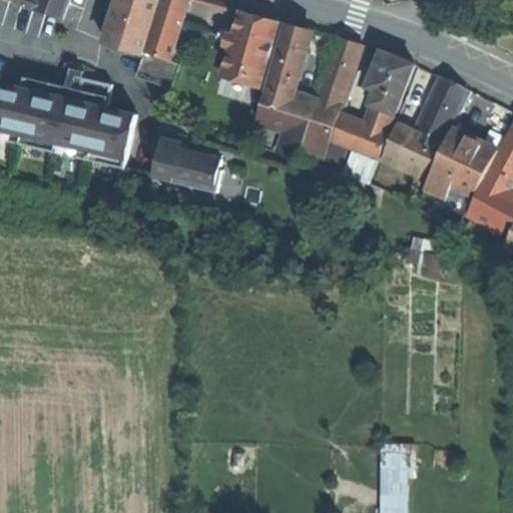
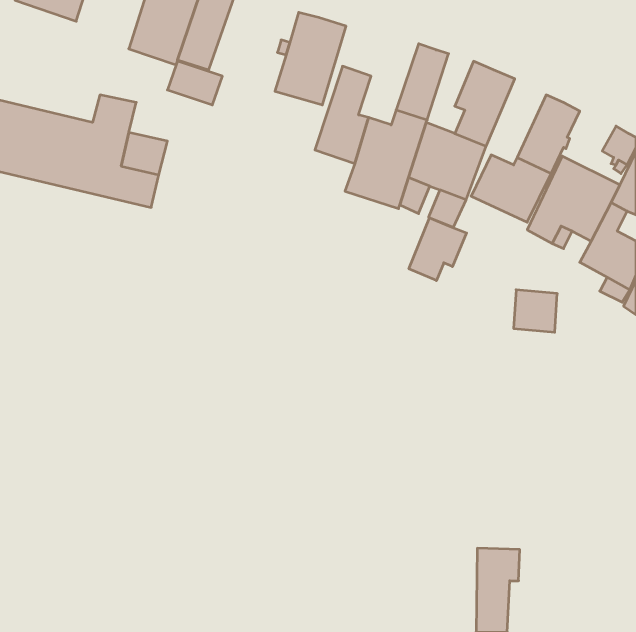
building: [275,22,308,61] -> none
building: [151,137,220,190] -> none
building: none -> [409,218,467,281]

